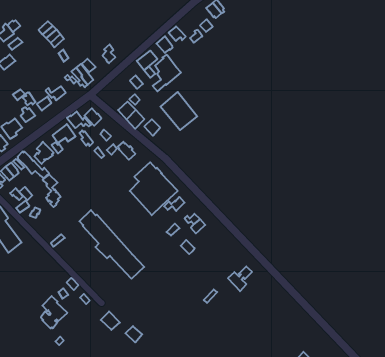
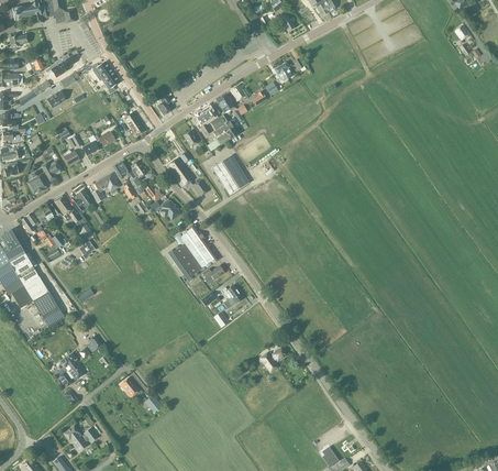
building: [79,210,144,279] -> none
building: none -> [32,291,65,328]

